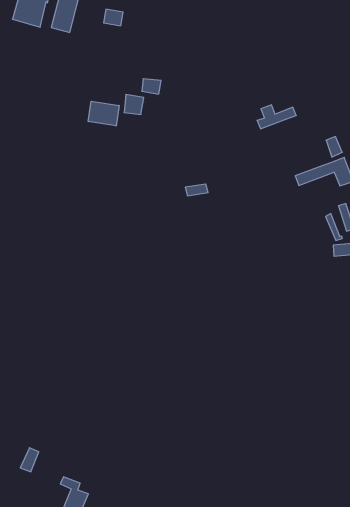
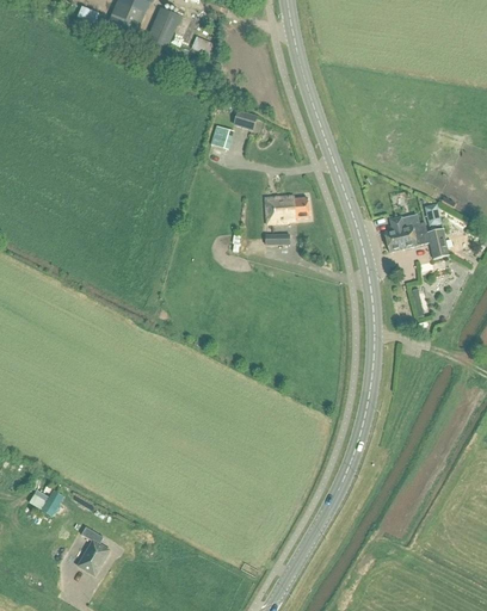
building: [88,101,119,126] -> none
building: [257,105,296,129] -> [382,215,425,239]
building: none -> [264,193,307,222]

